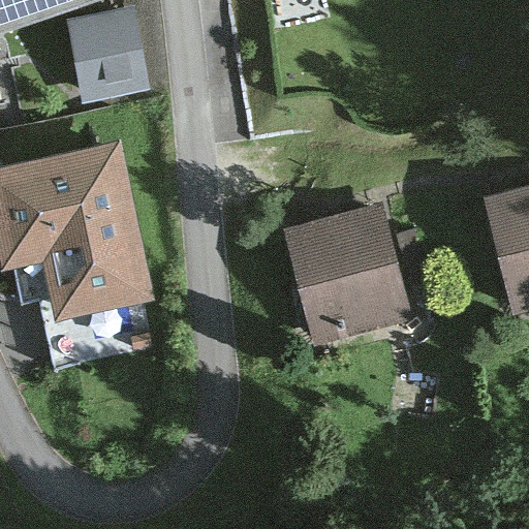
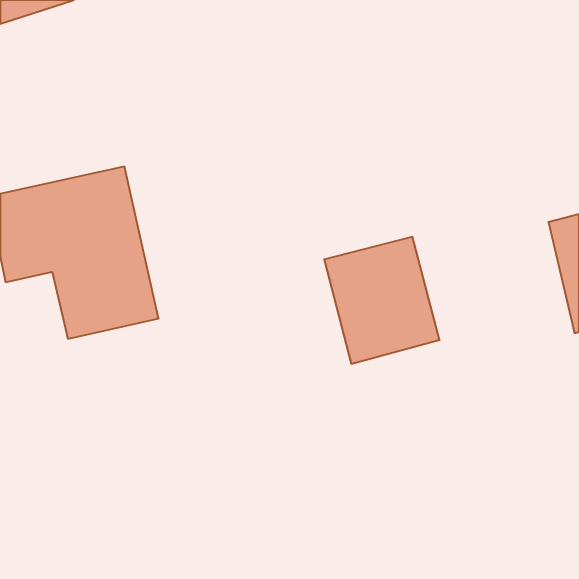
building: [71,9,148,96] -> none

